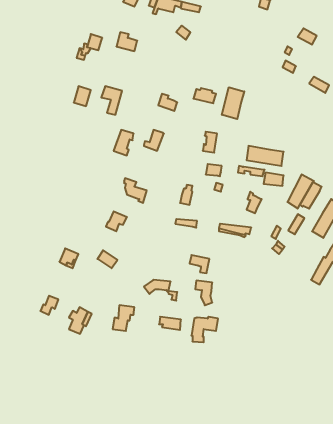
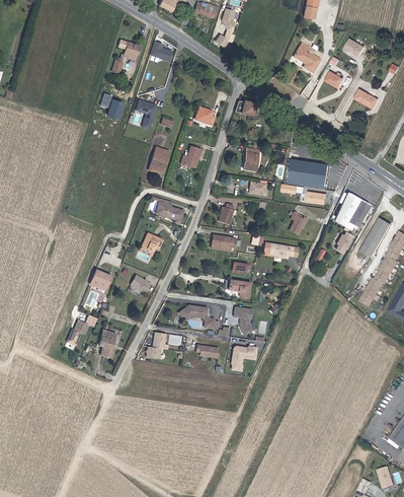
building: none -> [294,39,321,69]
building: [222,87,244,119] -> none

